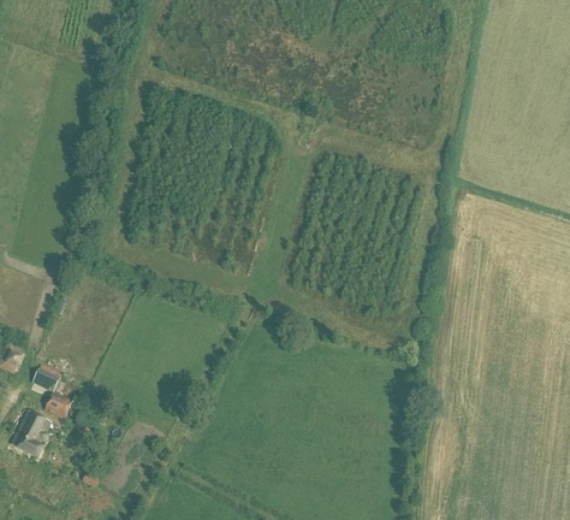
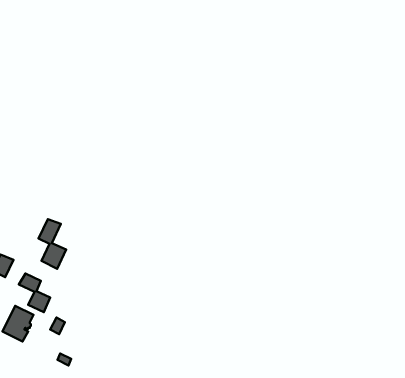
building: none -> [39,219,66,269]

